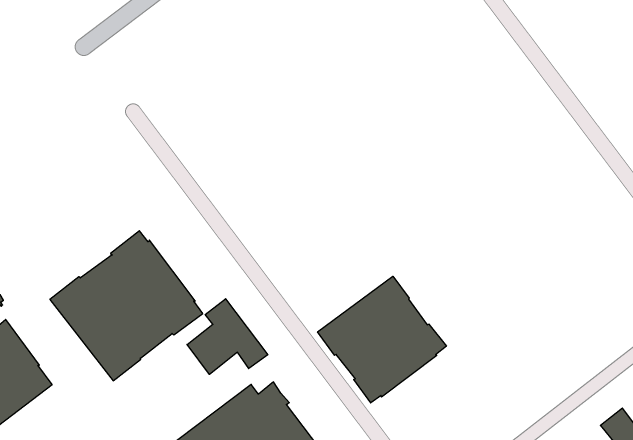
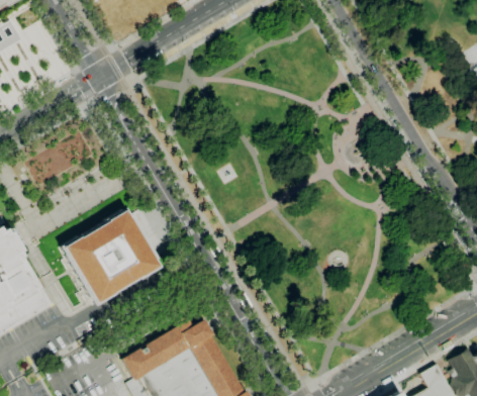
building: [318,276,446,403] -> none
building: [187,299,268,374] -> none

